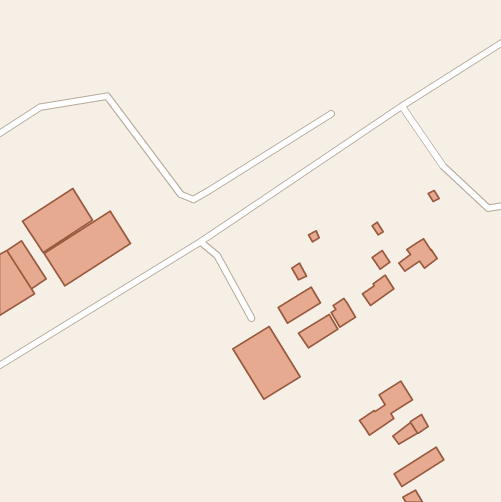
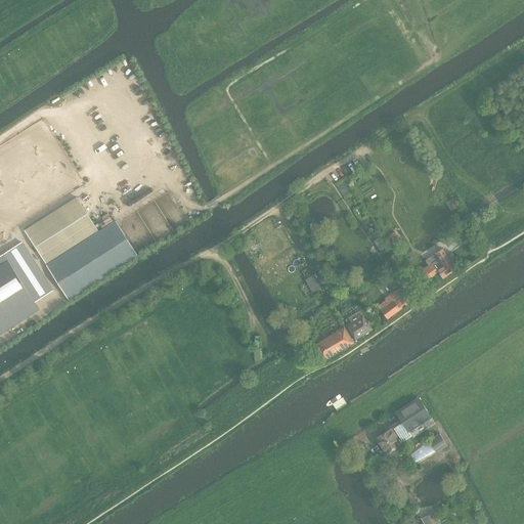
building: [278,287,321,323] -> none
building: [233,326,300,399] -> none
building: [394,447,444,487] -> none

